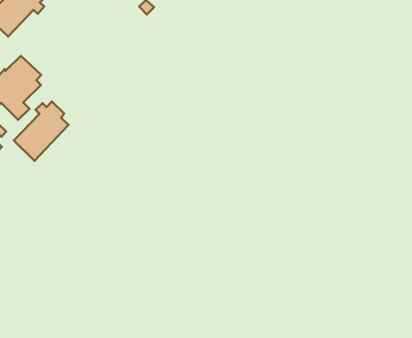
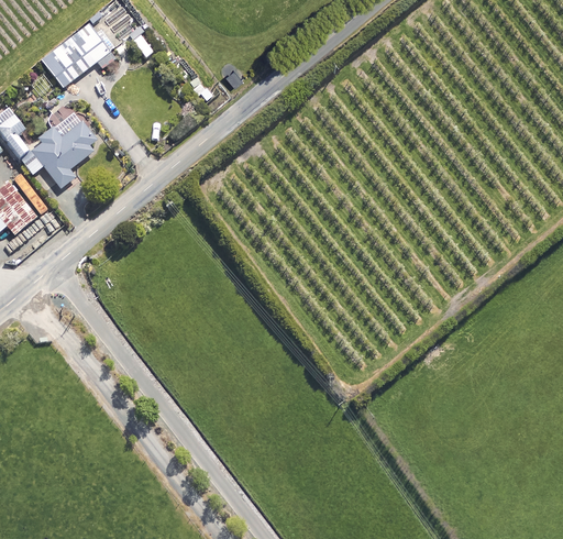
building: [14,101,69,161] -> none

